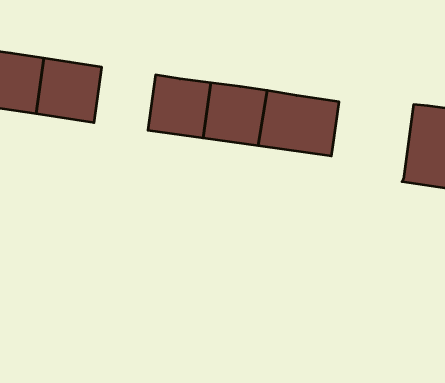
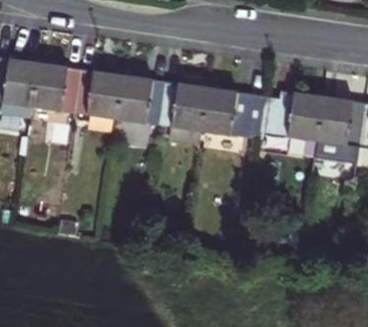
building: none -> [79,70,127,119]
building: none -> [266,93,329,157]

